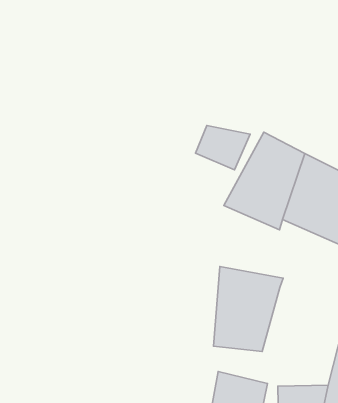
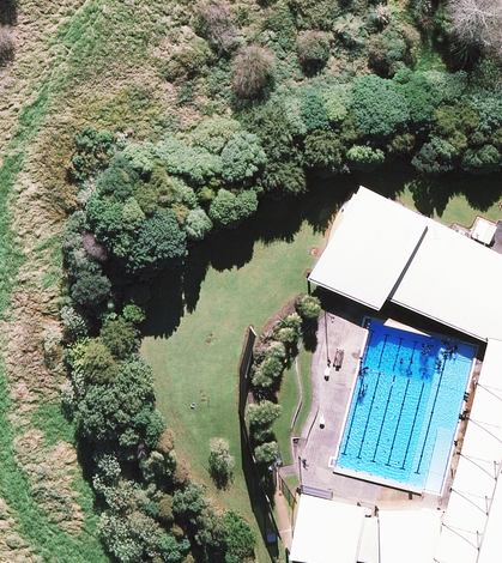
building: [195,126,250,170] -> none
building: [214,267,283,352] -> none

